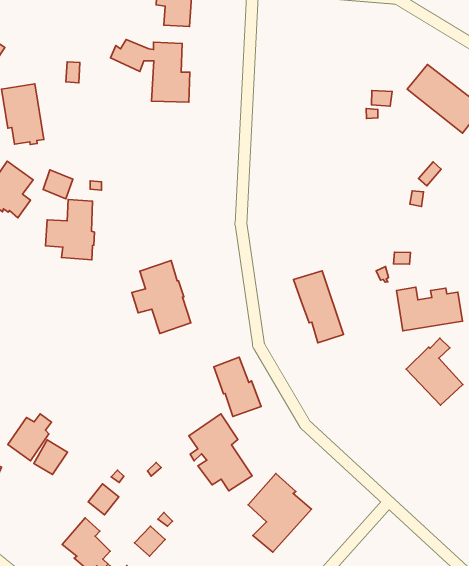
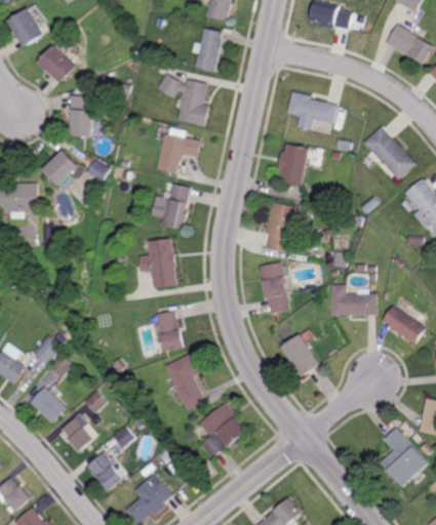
building: none -> [285,90,336,130]
building: none -> [276,143,307,185]
building: none -> [157,127,201,173]
building: none -> [265,202,295,254]
building: [45,199,95,260] -> [152,184,191,230]
building: [406,338,463,405] -> [280,329,319,377]
building: [214,357,261,417] -> [157,311,187,353]
building: none -> [31,386,68,425]

